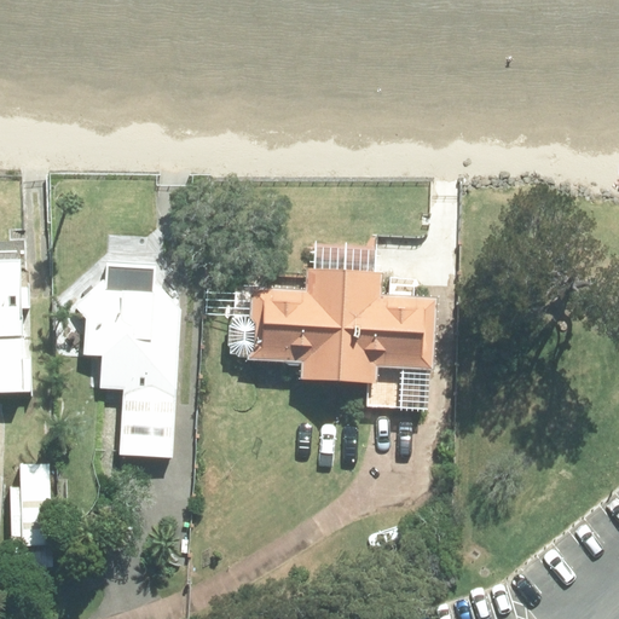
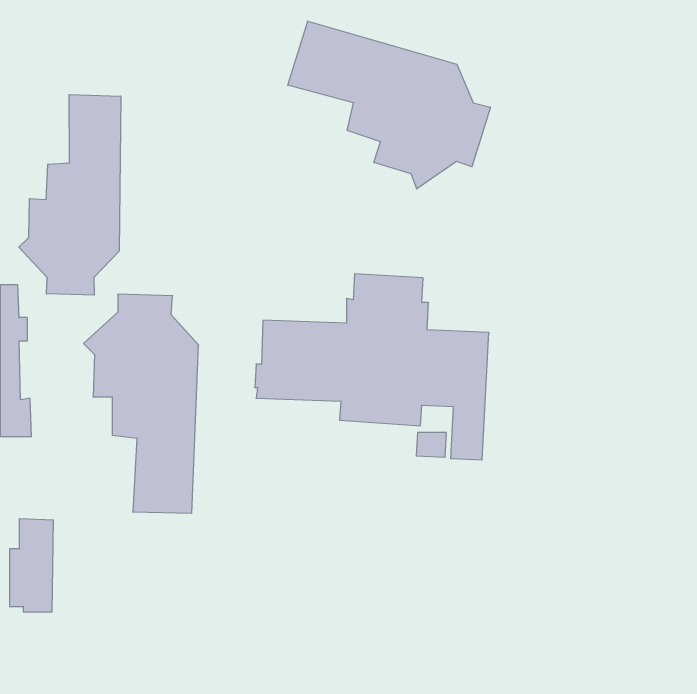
building: none -> [288,21,490,189]
building: none -> [19,95,121,295]

